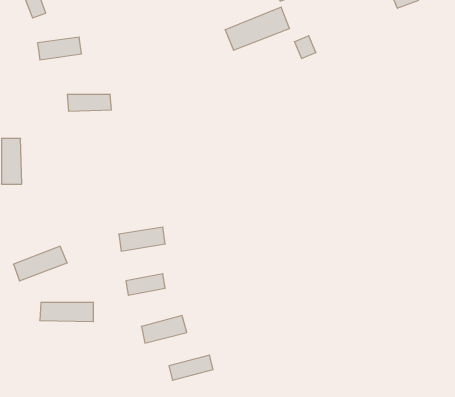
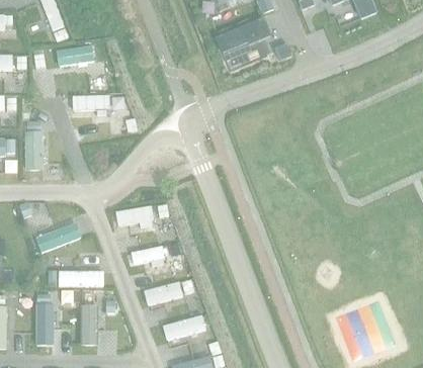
building: none -> [35,301,52,344]
building: none -> [80,303,98,344]

